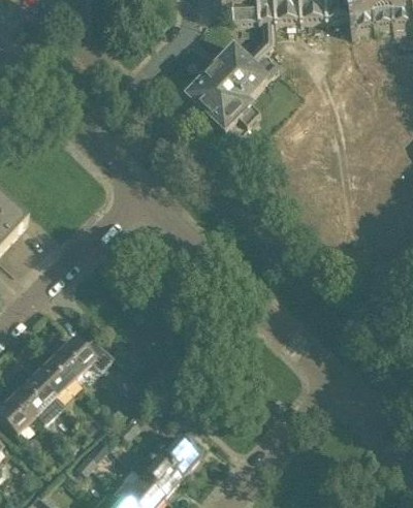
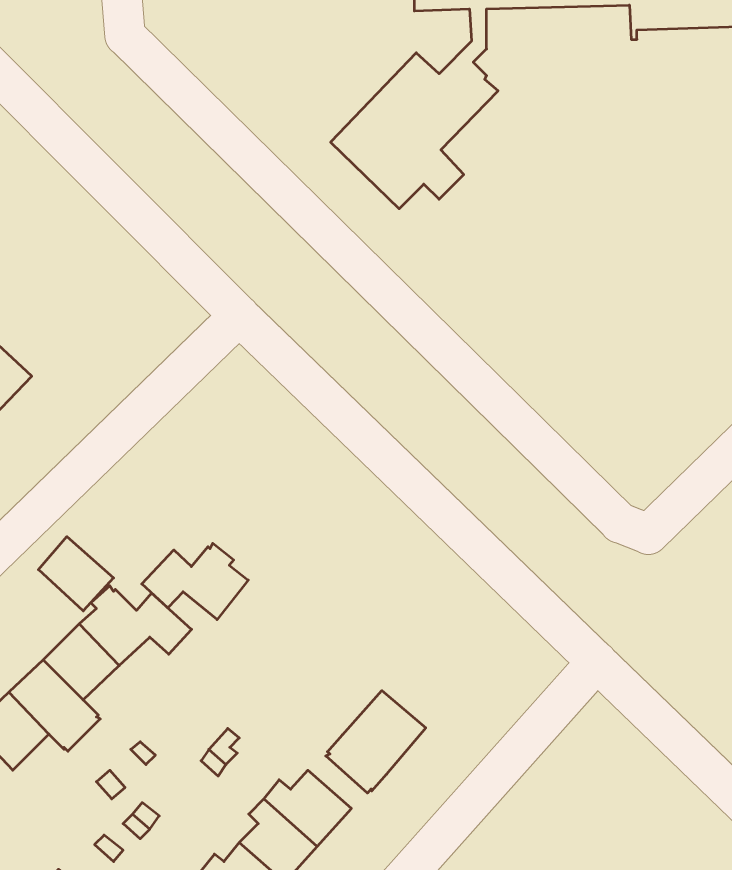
building: none -> [38,537,114,611]
building: none -> [142,543,248,620]
building: none -> [326,691,426,793]

